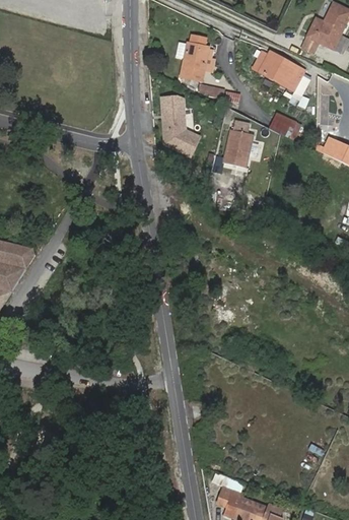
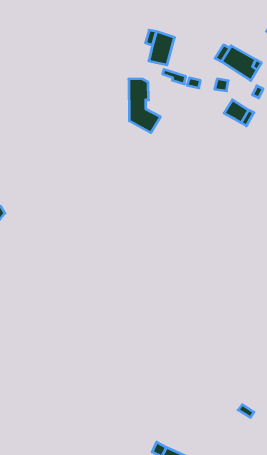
building: [224,131,253,167] -> none

